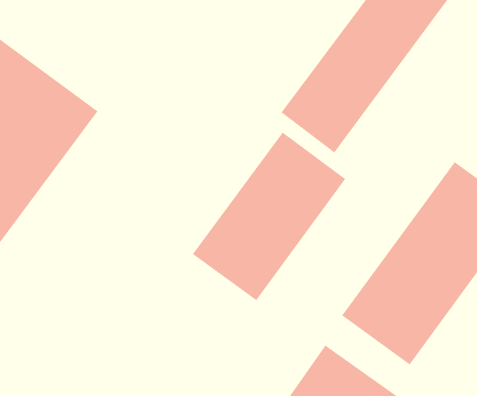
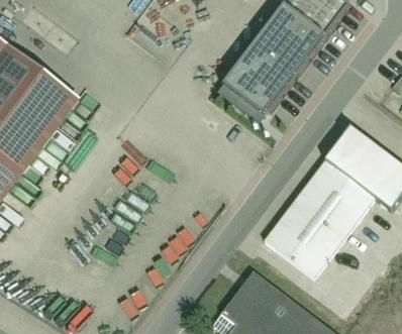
building: [192,132,346,301] -> none

